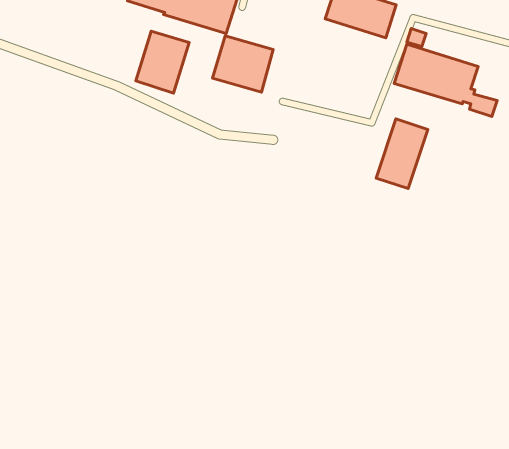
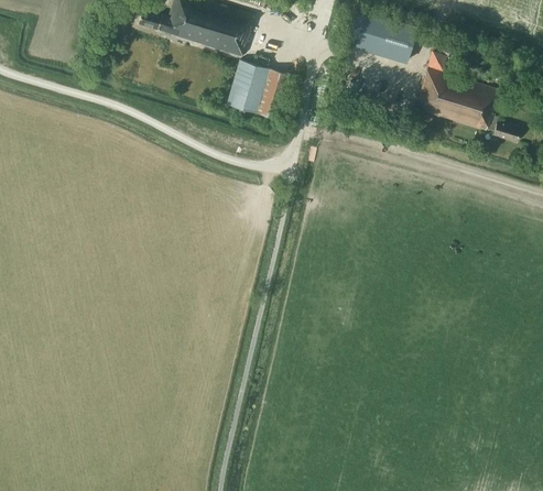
building: [136,31,189,93] -> none
building: [376,119,428,189] -> none

